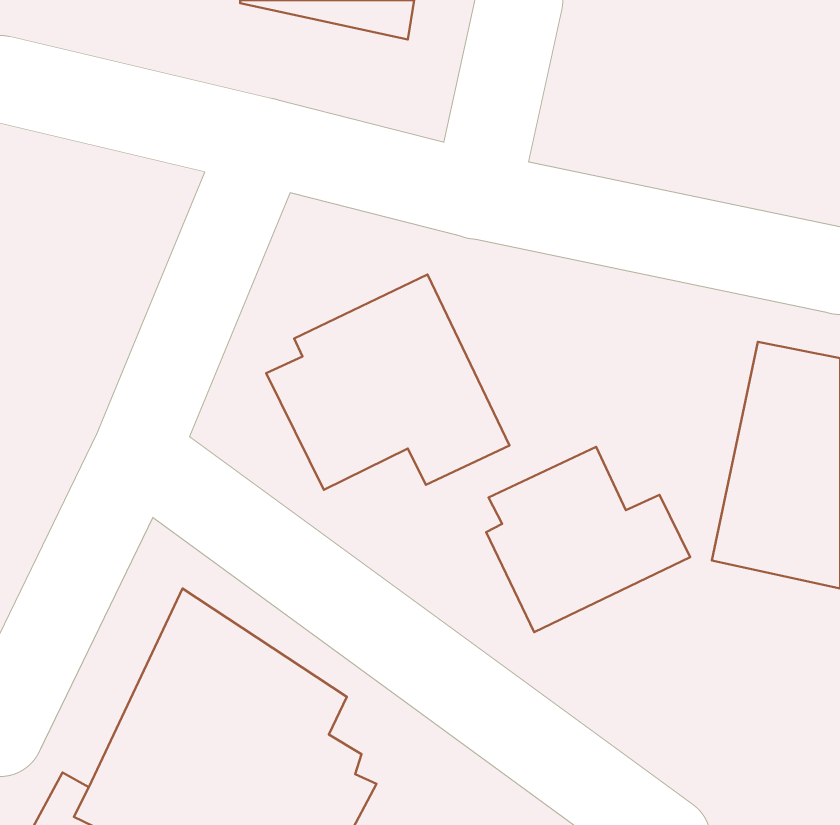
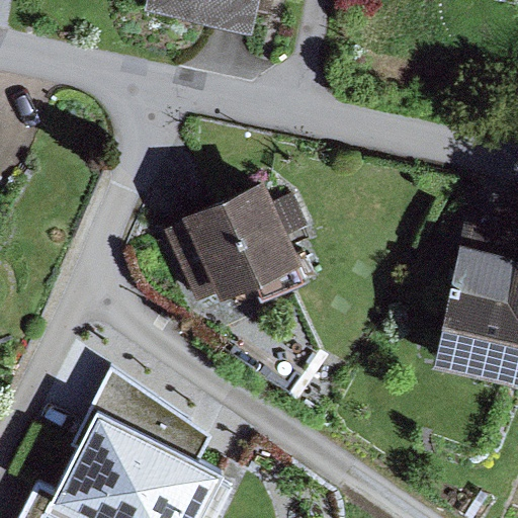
building: [486,447,690,632] -> none

